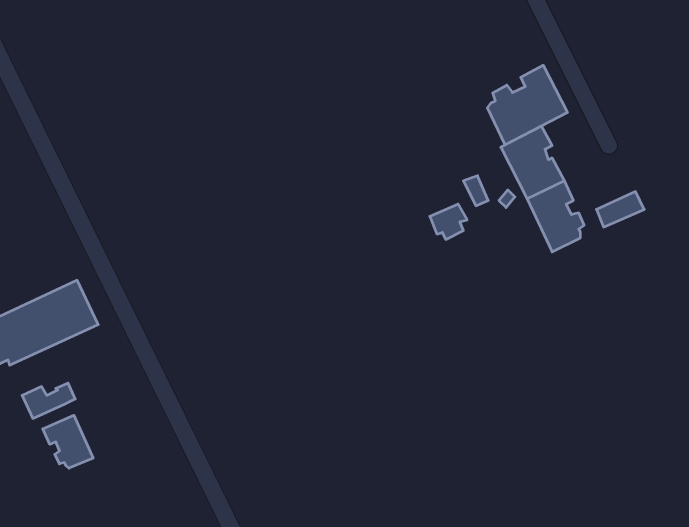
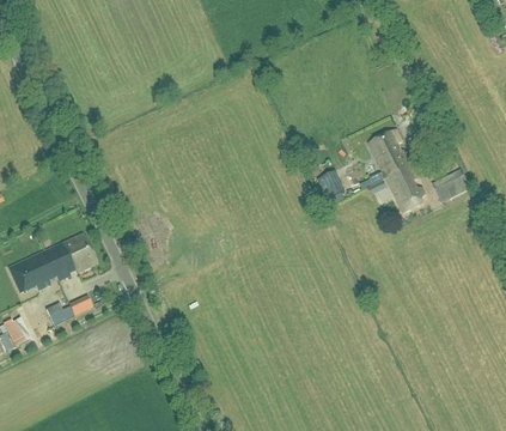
building: [487,65,567,145] -> none
building: [43,415,93,468] -> none

